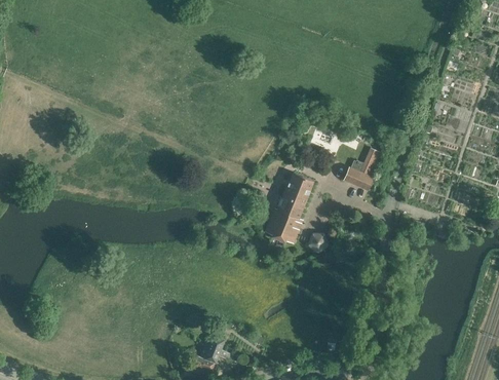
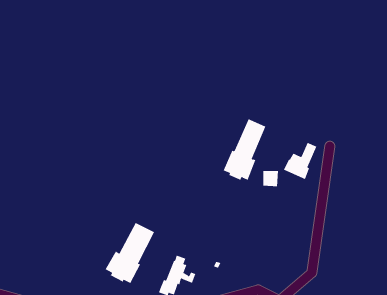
building: [343,147,382,190] -> [283,142,317,180]
building: none -> [105,222,155,284]

